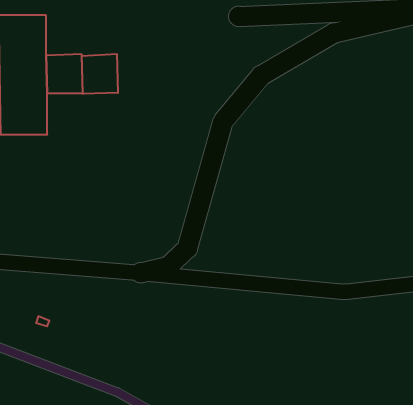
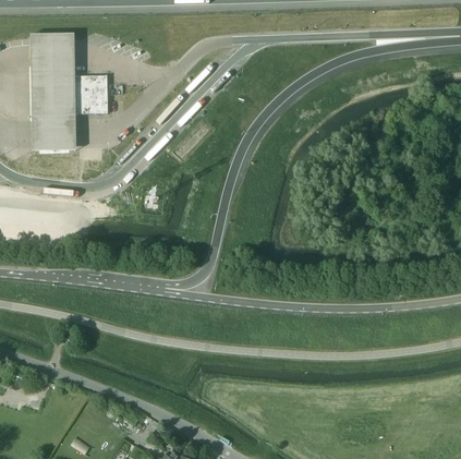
building: [82,54,118,94] -> none

